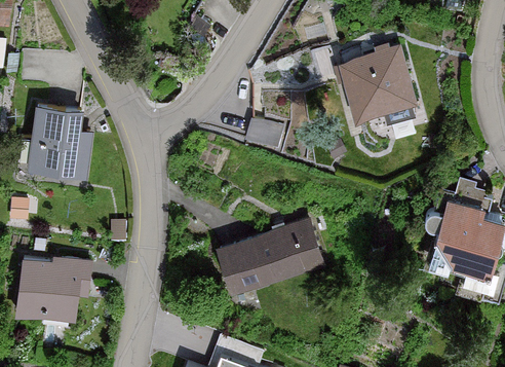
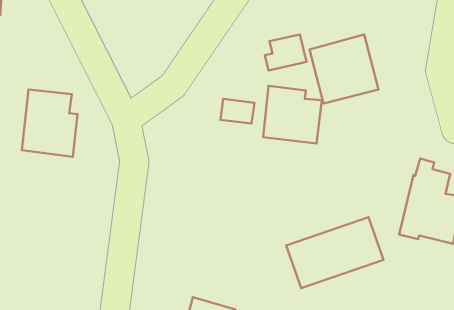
building: none -> [263,86,322,143]
building: [217,218,322,295] -> [286,217,384,288]
building: [13,258,89,323] -> none

